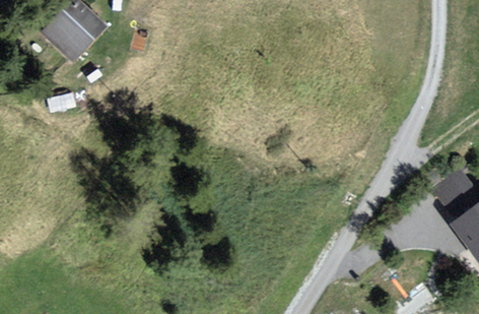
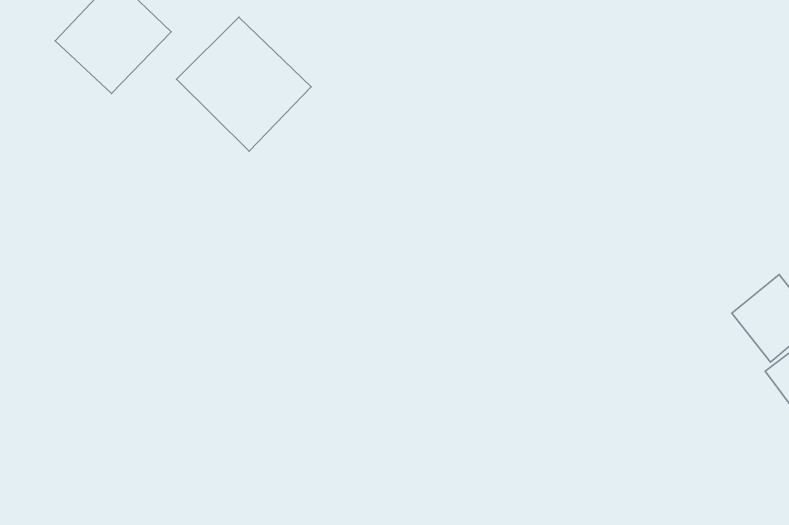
building: none -> [177,17,311,151]

